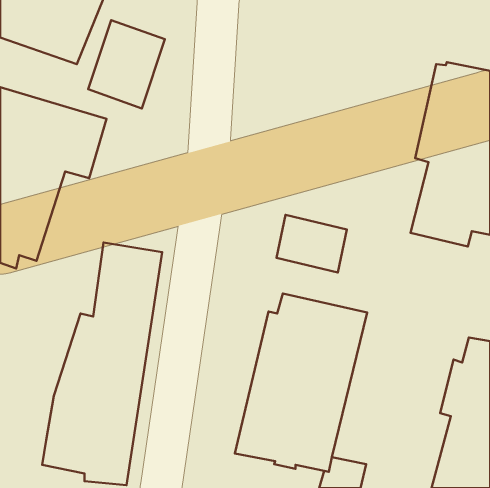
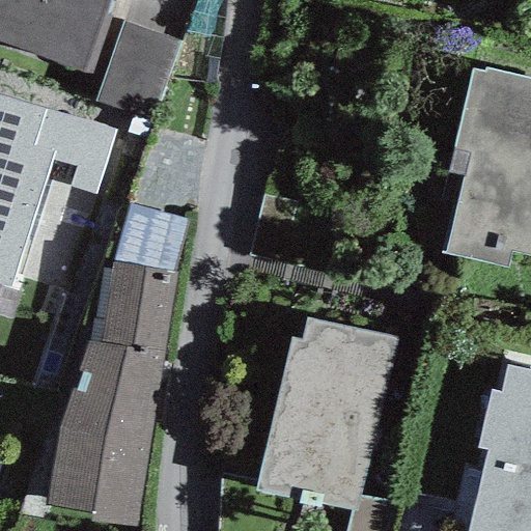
building: none -> [112,204,187,273]
building: [277,215,347,272] -> none

